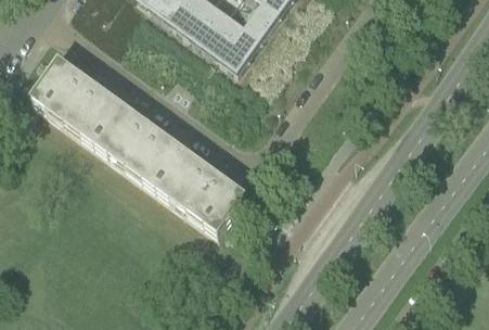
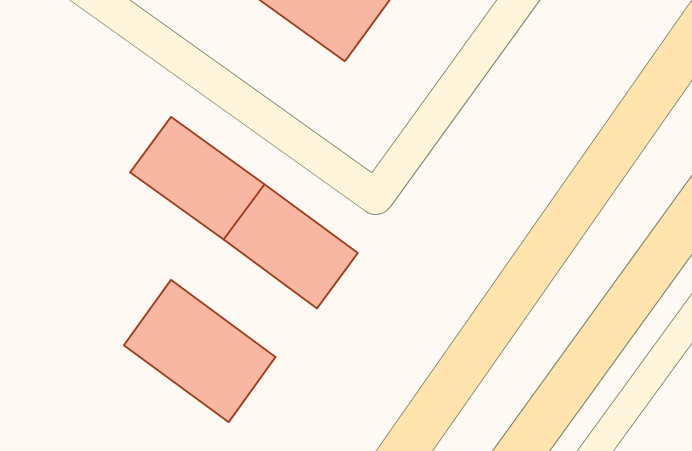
building: [29,60,118,141] -> none
building: none -> [124,280,276,422]

